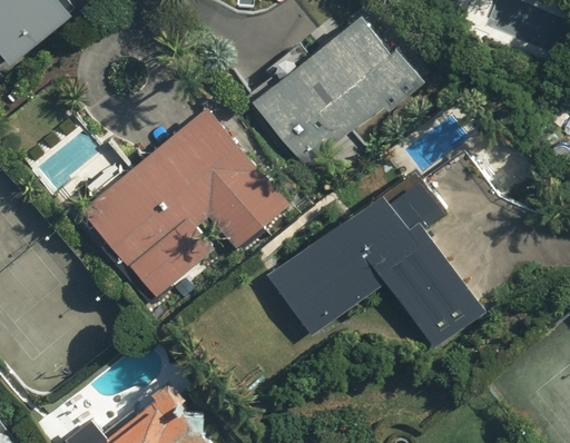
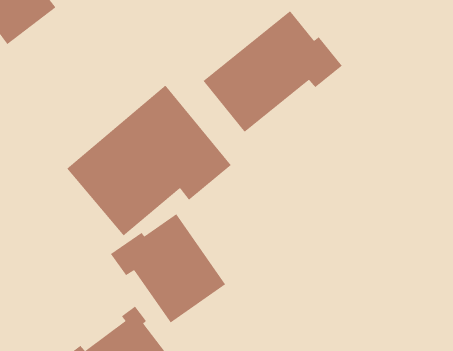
building: [265,175,484,346] -> none
building: none -> [110,213,226,323]

